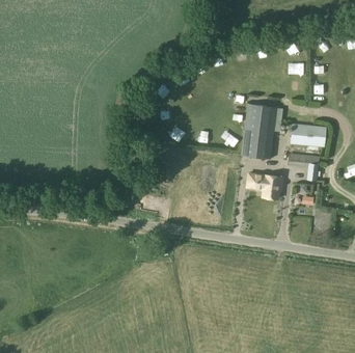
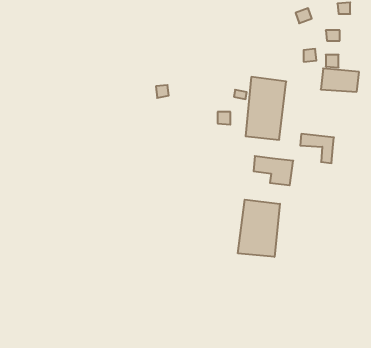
building: [292,125,326,145] -> [321,68,359,92]
building: none -> [238,200,280,257]

